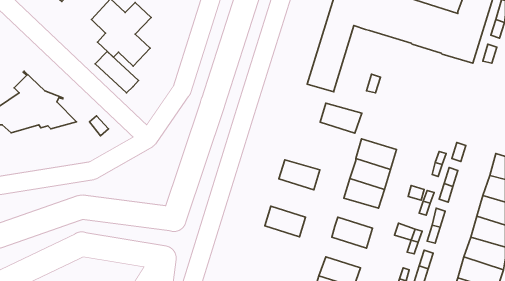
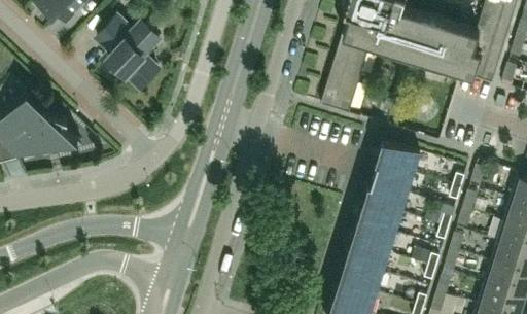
building: [95,51,138,93] -> none
building: [320,103,362,133] -> [377,144,420,175]
building: [279,160,320,190] -> [352,225,394,256]
building: [265,206,305,237] -> [340,266,382,298]

